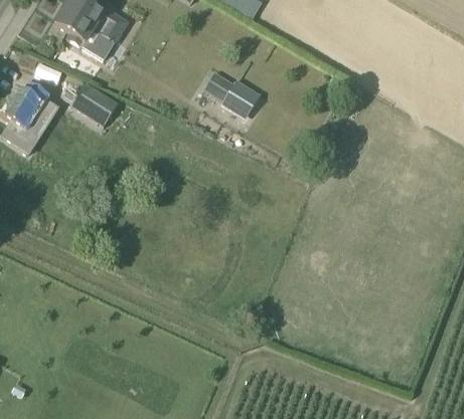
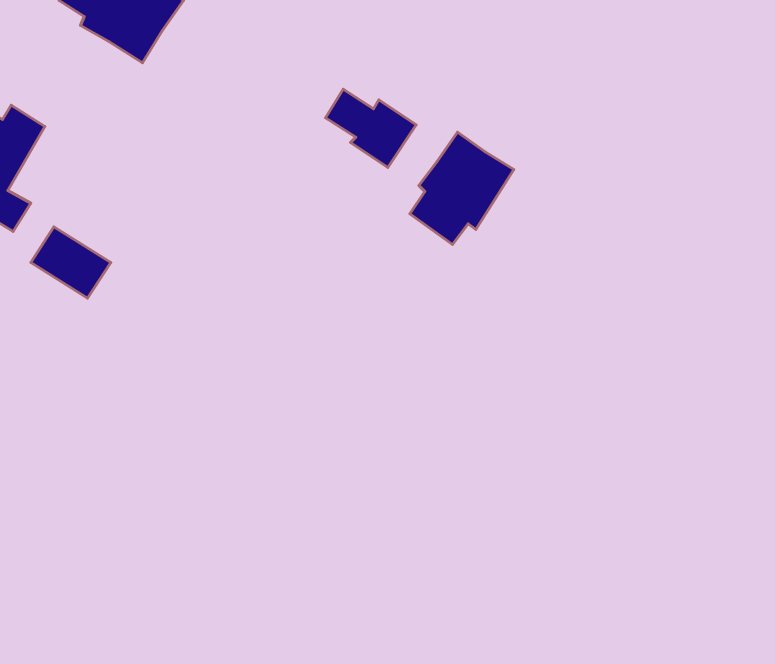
building: [71,83,117,124] -> [31,227,111,298]
building: none -> [410,132,514,245]

